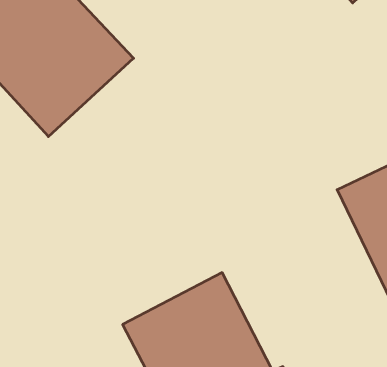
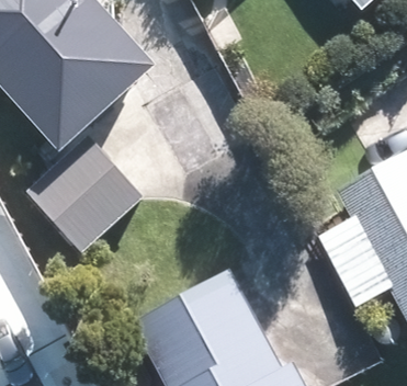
building: none -> [30,139,146,254]

